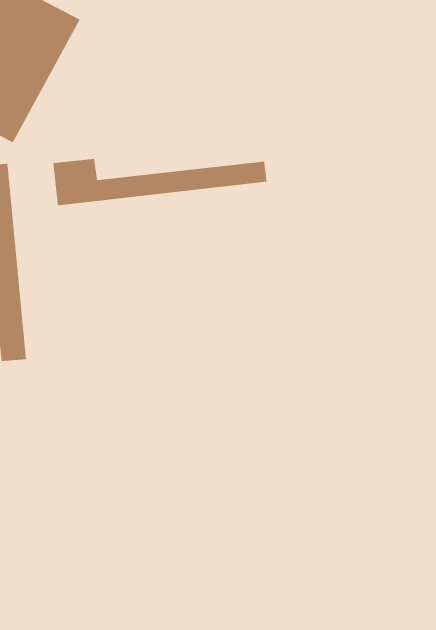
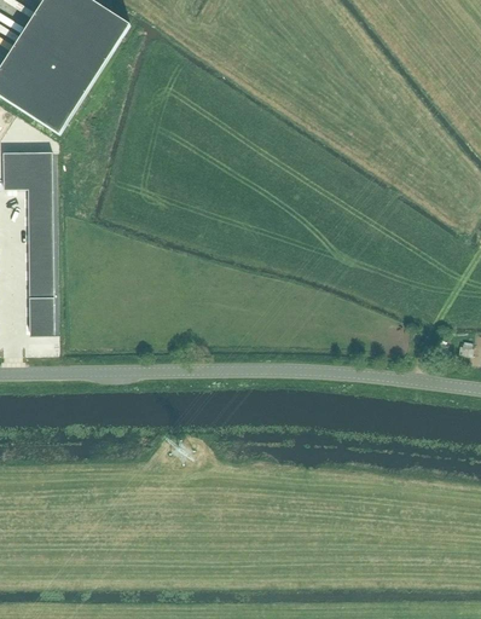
building: [53,158,267,206] -> none

